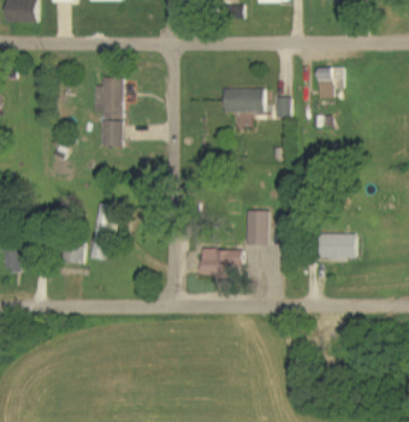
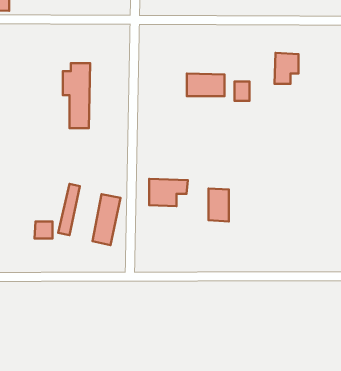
building: none -> [92,194,120,245]
building: [321,233,357,258] -> none
building: [204,248,245,277] -> [149,179,188,206]

